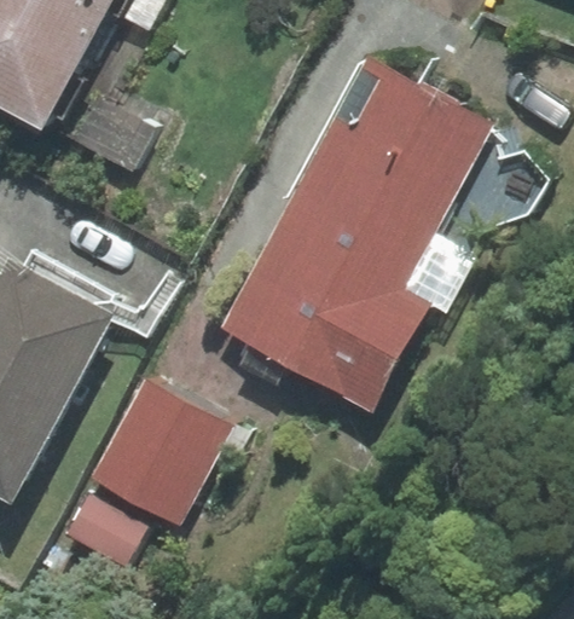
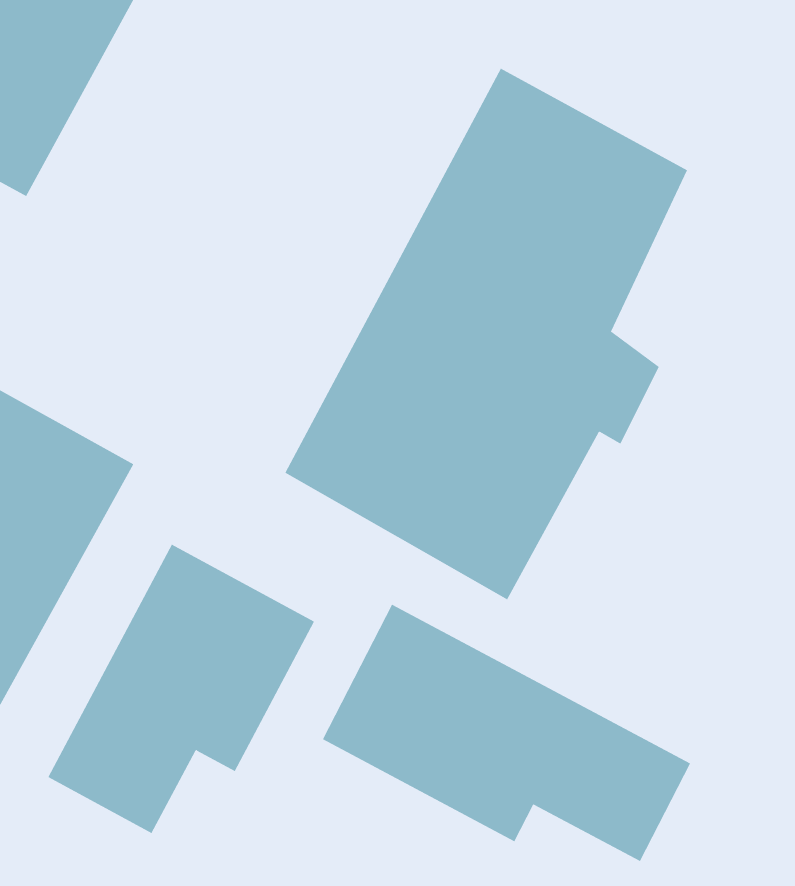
building: none -> [322,604,691,862]

